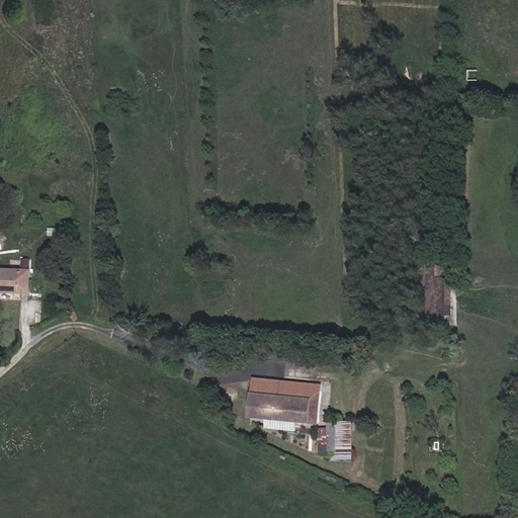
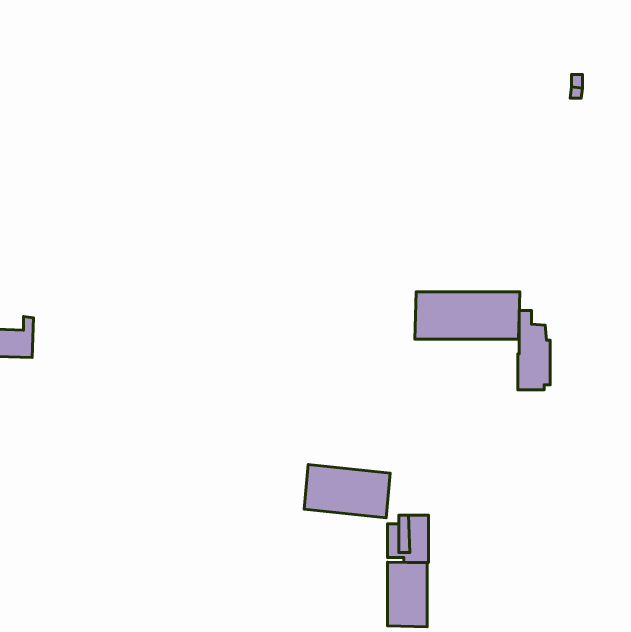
building: none -> [415,292,520,339]
building: none -> [388,562,427,627]

